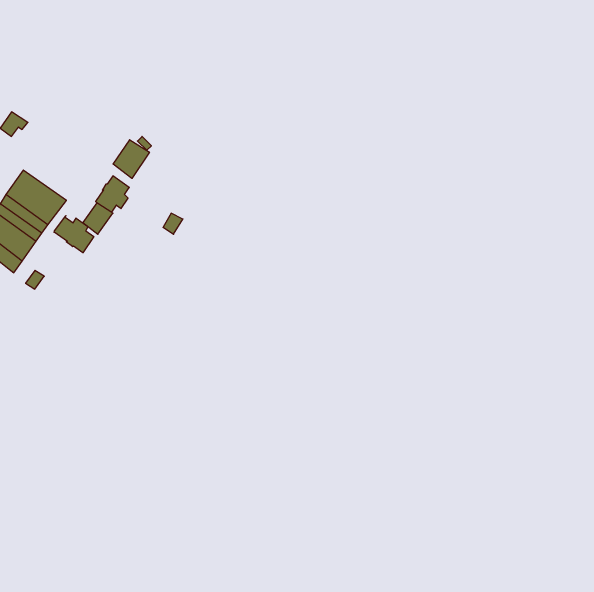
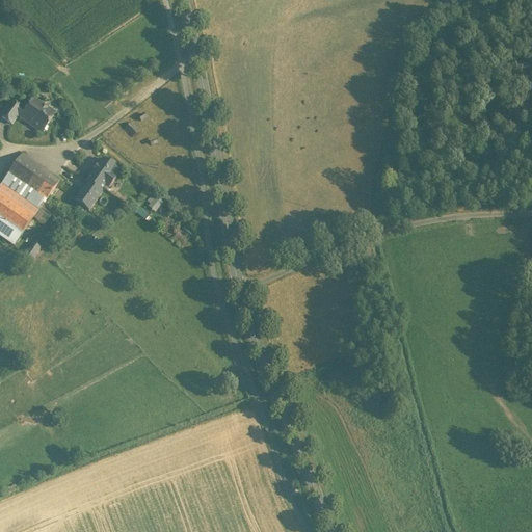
building: none -> [20,98,53,130]
building: [113,140,149,178] -> none
building: [54,216,94,253] -> none

